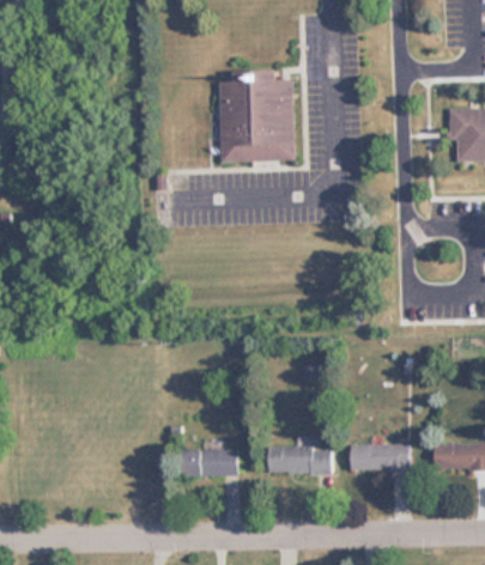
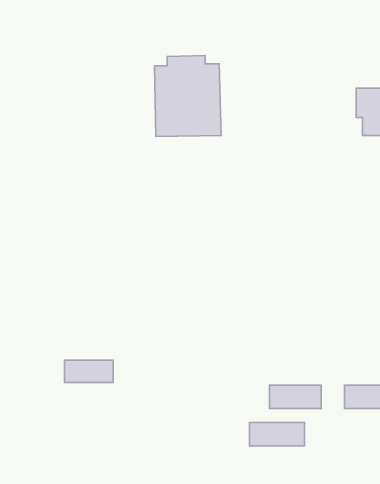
building: [267,446,329,473] -> [249,423,304,446]
building: [182,450,237,475] -> [65,360,113,382]

